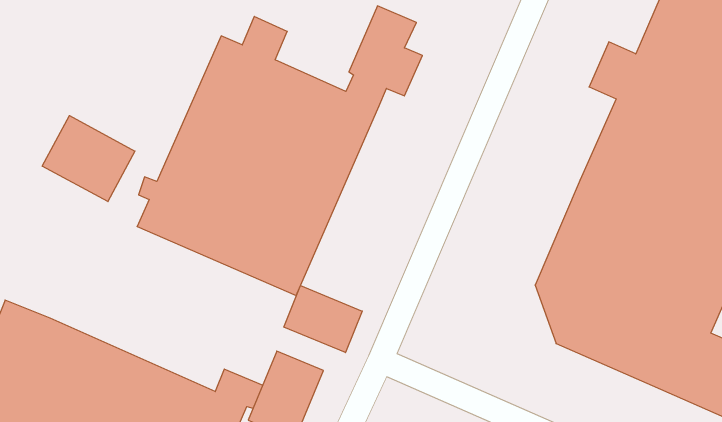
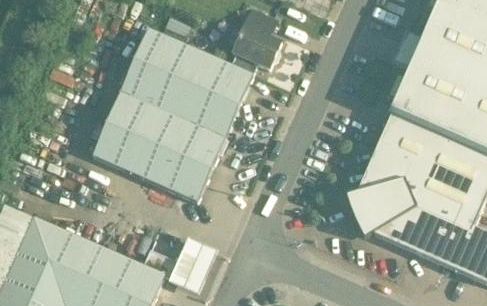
building: [42,116,135,202] -> none
building: [284,286,362,353] -> none

